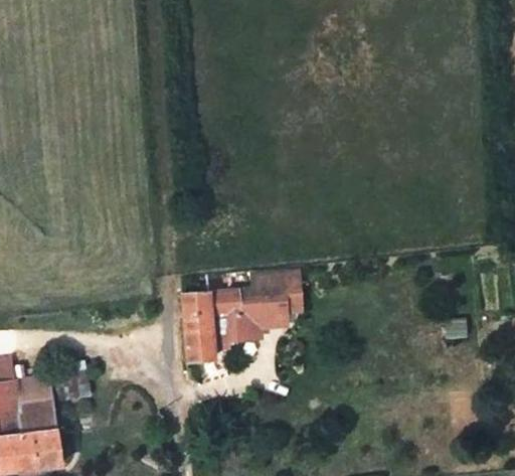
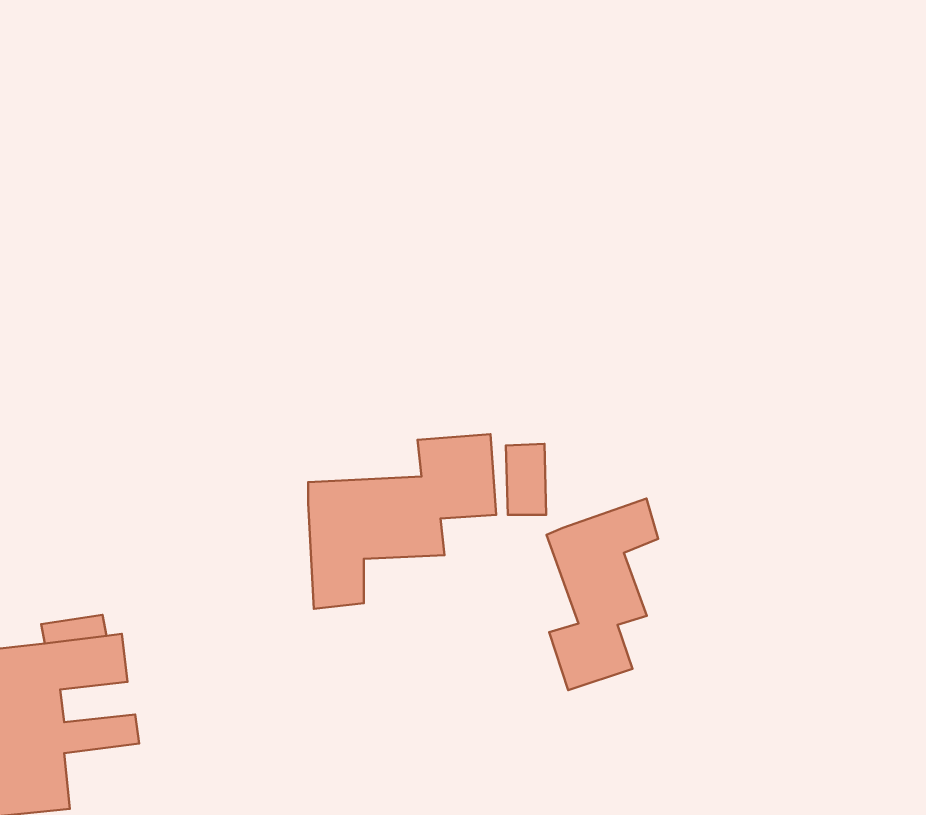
building: none -> [546,499,658,690]

